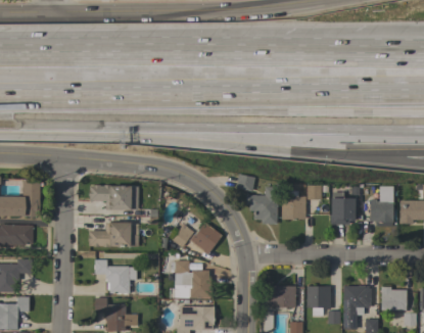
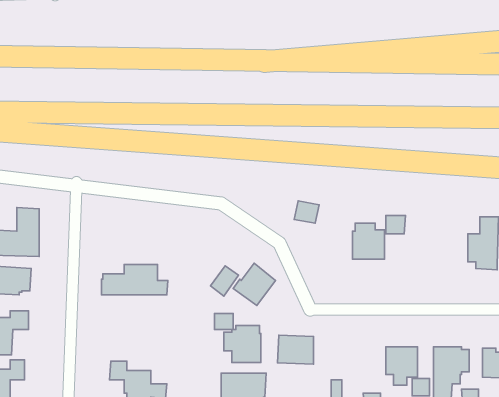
building: [88,185,138,209] -> none
building: [246,187,277,224] -> none
building: [330,192,355,224] -> none
building: [95,259,136,293] -> none
building: [268,285,295,307] -> [278,335,313,364]

